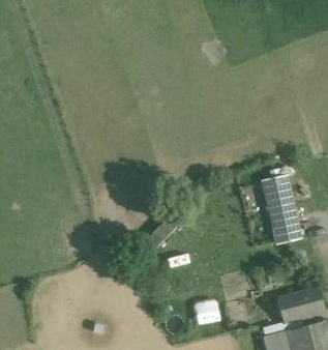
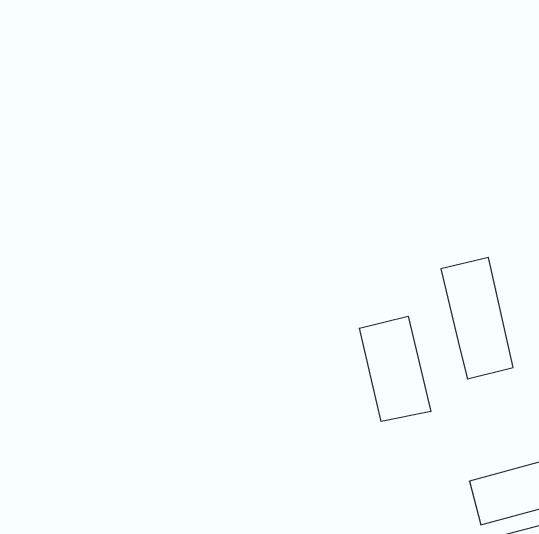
building: none -> [359,316,431,421]

